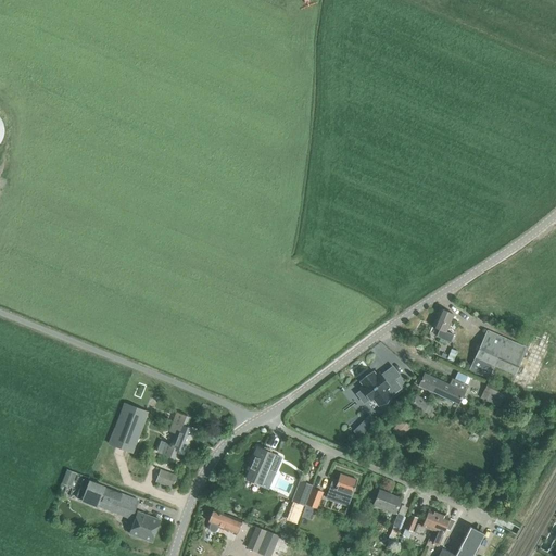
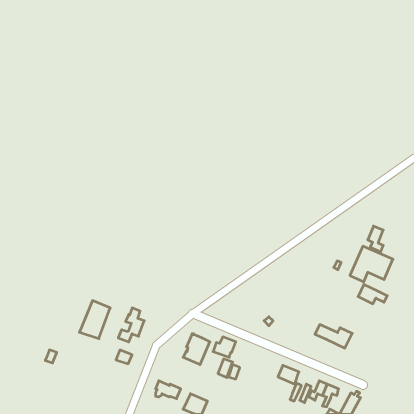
building: [432,308,453,343] -> [368,226,383,252]
building: [359,370,399,405] -> none
building: [418,374,468,405] -> [315,325,352,348]
building: [327,475,357,502] -> [213,337,236,357]
building: [77,480,137,514] -> none
building: [129,513,160,542] -> none

